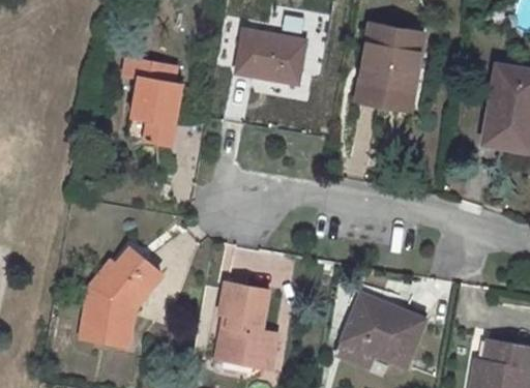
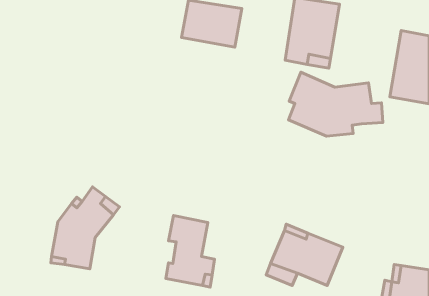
building: [121,57,180,146] -> none
building: none -> [288,72,383,136]

